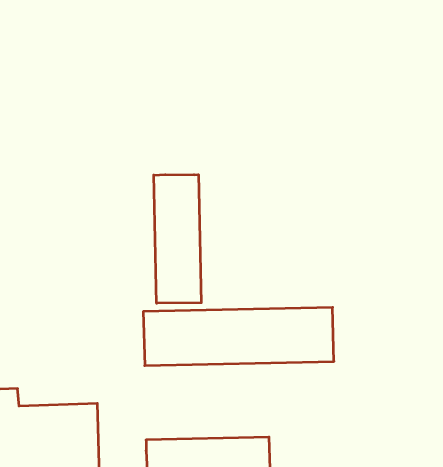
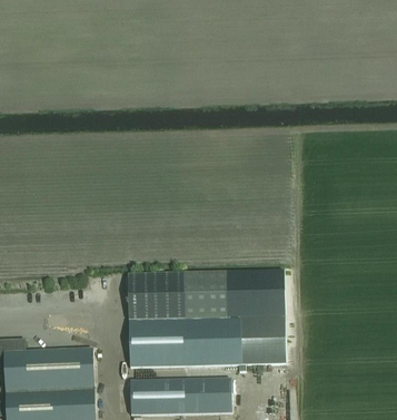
building: [154,175,201,303] -> none
building: none -> [129,316,286,369]

